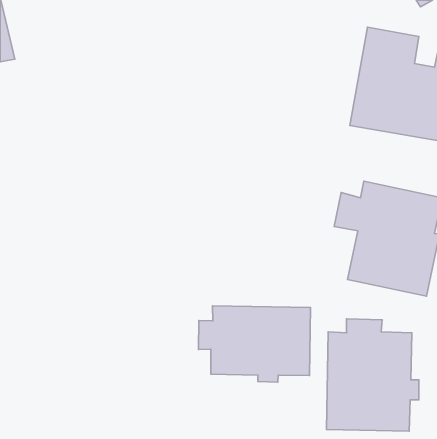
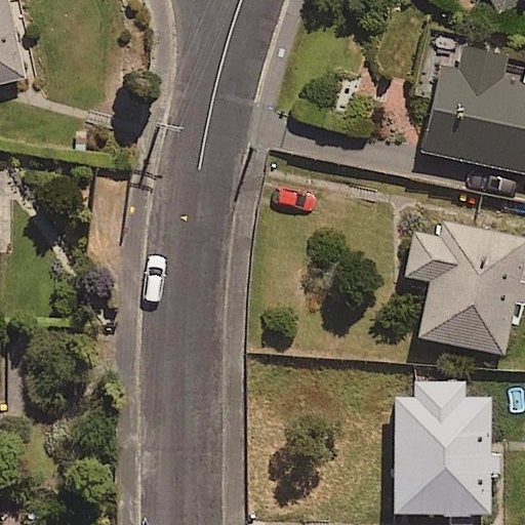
building: [199,306,310,382] -> none

